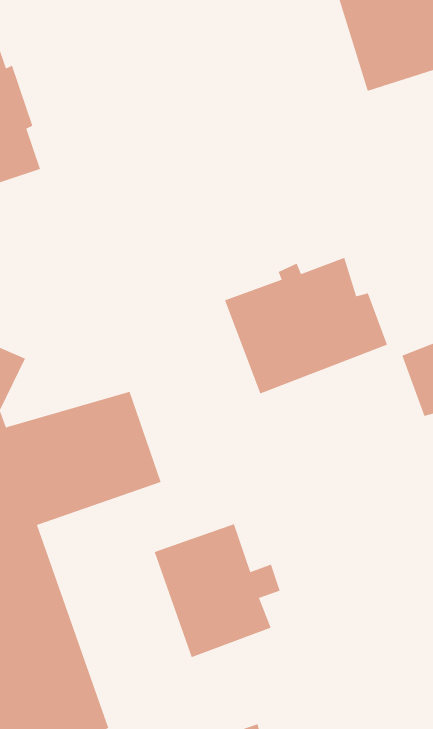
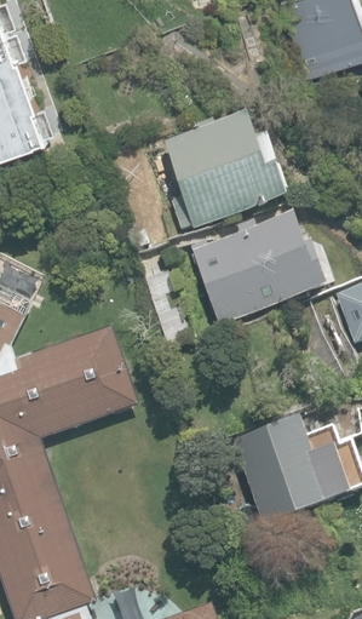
building: none -> [161,114,283,229]
building: [154,524,281,658] -> [231,417,334,526]

